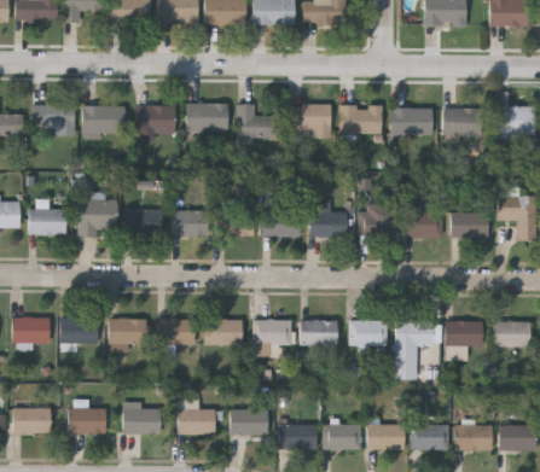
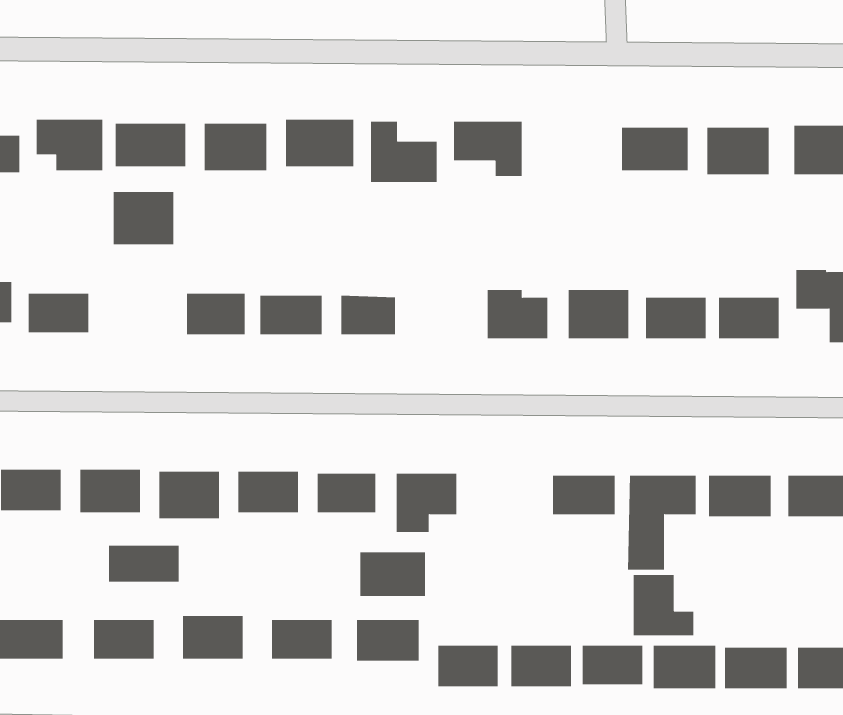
building: [341,106,382,134] -> none
building: [80,200,117,233] -> [113,191,174,245]
building: [262,212,301,238] -> none
building: [301,321,338,345] -> none
building: none -> [109,545,179,583]
building: none -> [360,551,426,597]
building: none -> [633,574,694,636]

